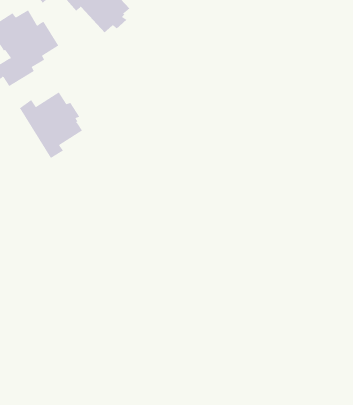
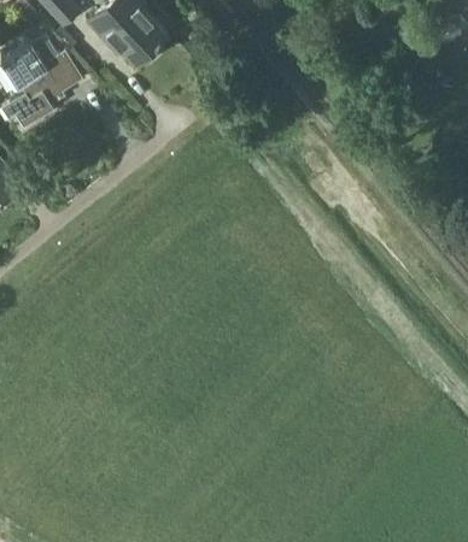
building: [19,92,83,159] -> none

